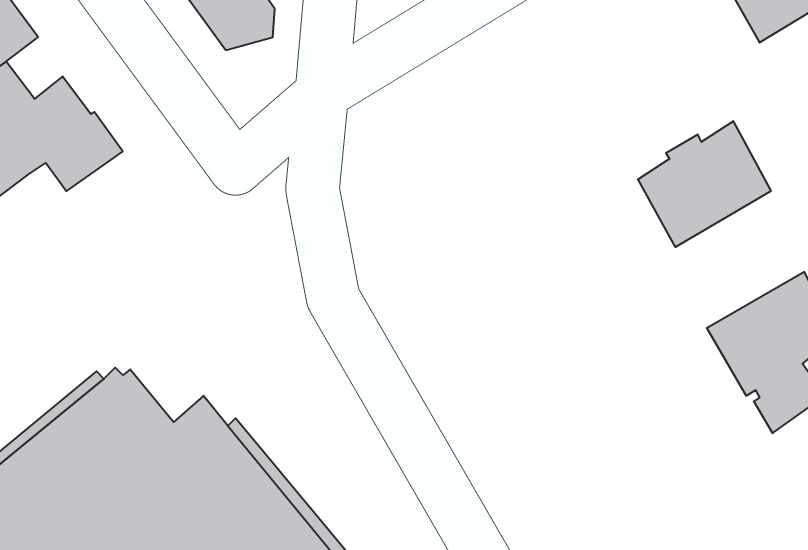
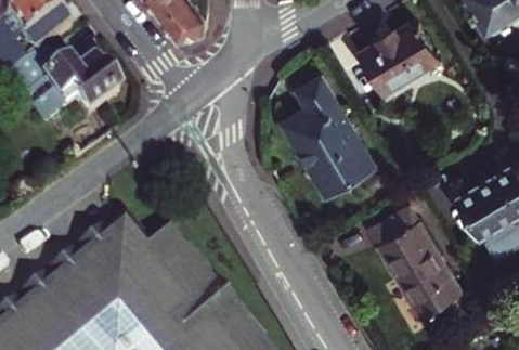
building: none -> [280,78,372,197]
building: [638,121,771,247] -> [359,21,436,93]
building: none -> [371,208,463,321]

